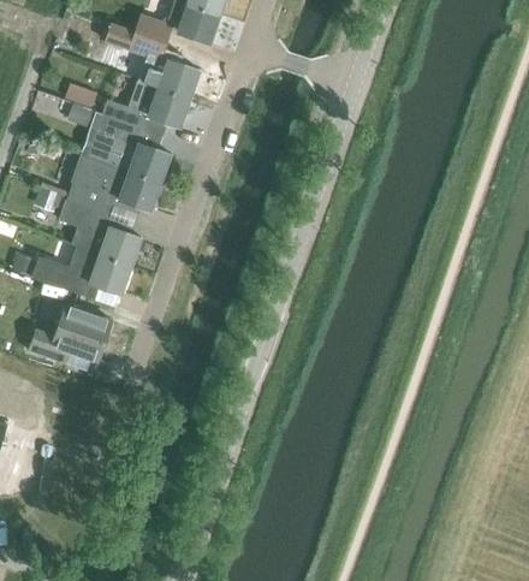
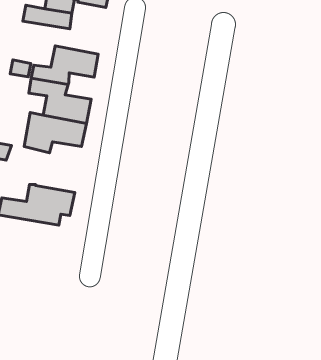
building: [137,57,200,99] -> none
building: [58,197,141,265] -> none
building: [28,303,109,363] -> none

